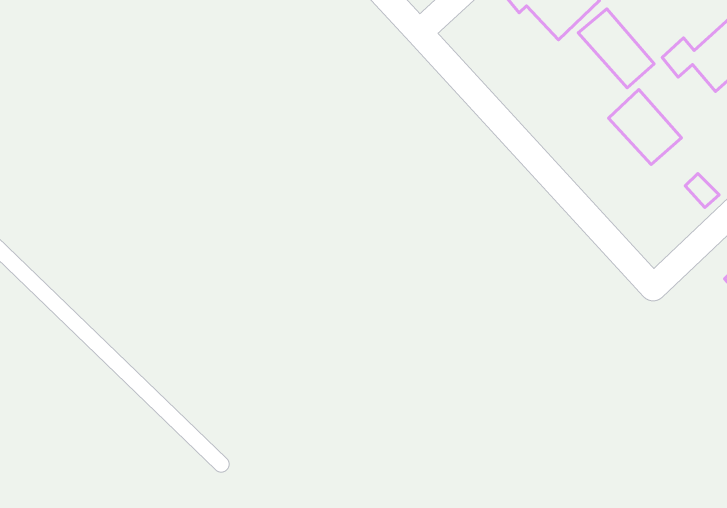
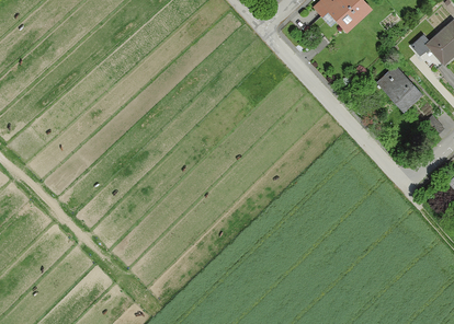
building: [578,9,654,88] -> none

